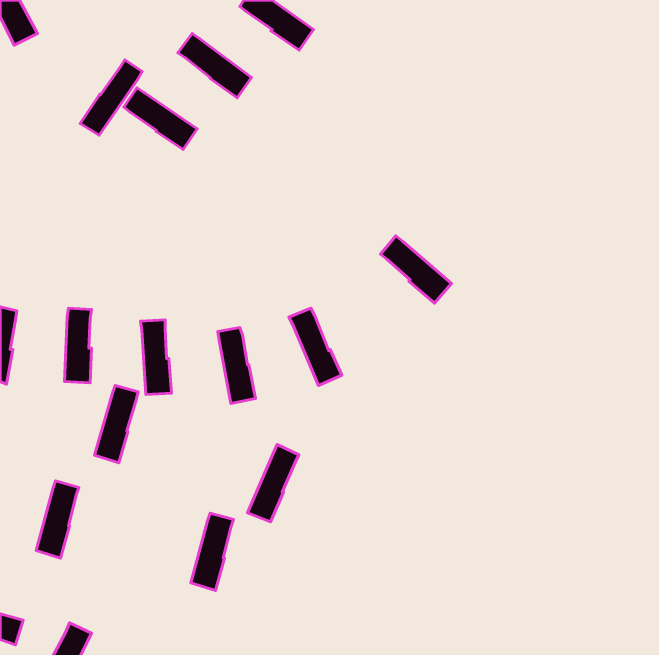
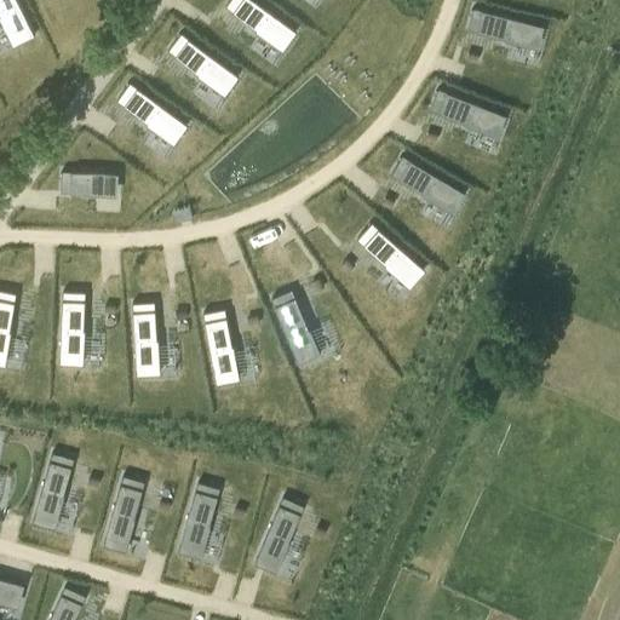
building: none -> [467,10,541,51]
building: [80,60,142,135] -> none
building: none -> [431,91,504,138]
building: none -> [391,159,463,214]
building: none -> [61,173,108,197]
building: [94,386,138,463] -> [104,478,145,551]
building: [247,445,299,522] -> [256,499,304,572]

